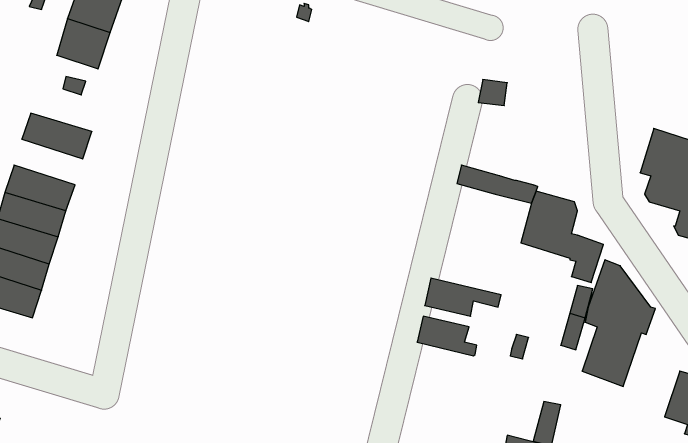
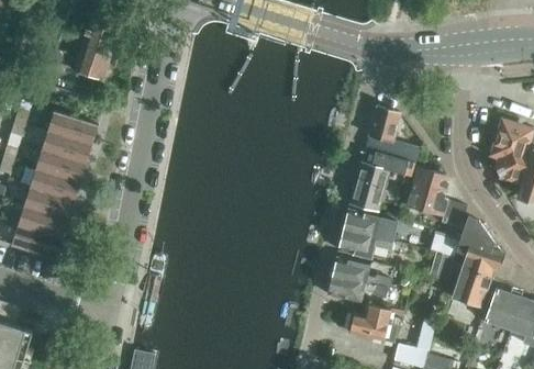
building: none -> [364,105,418,163]
building: none -> [42,130,91,163]
building: none -> [348,161,388,211]
building: none -> [342,209,394,242]
building: none -> [327,276,387,302]
building: none -> [483,288,521,329]
building: none -> [347,303,397,343]

